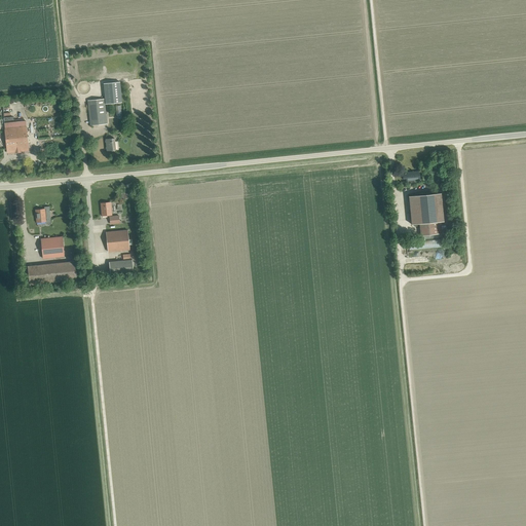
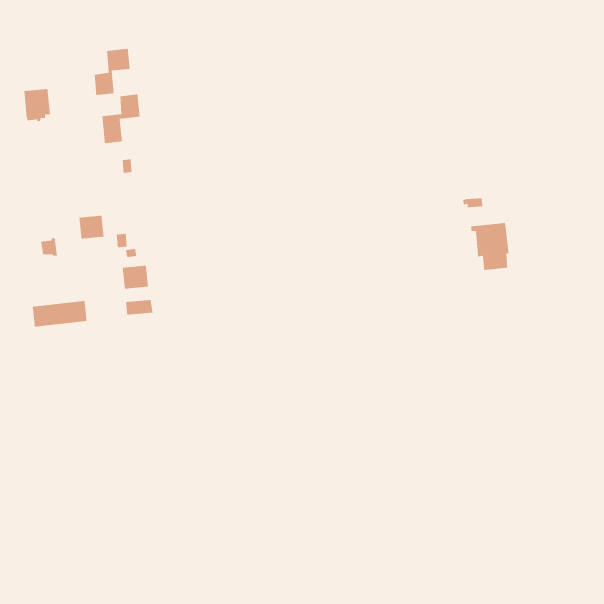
building: none -> [94,48,130,96]
building: [4,123,28,153] -> [23,88,51,122]
building: [41,236,64,258] -> [78,215,104,240]

